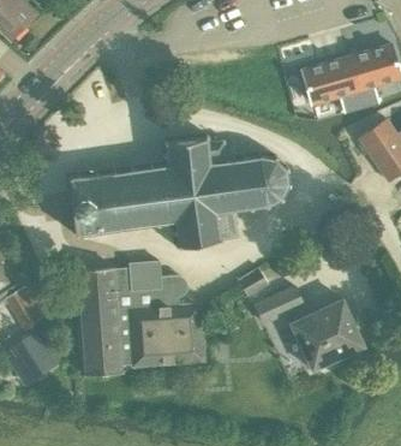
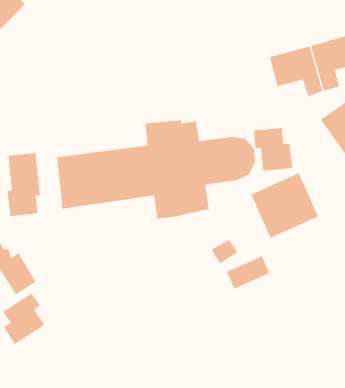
building: none -> [254,127,293,171]
building: none -> [7,152,40,217]
building: [76,261,202,375] -> none
building: [289,298,364,370] -> [250,172,319,238]

